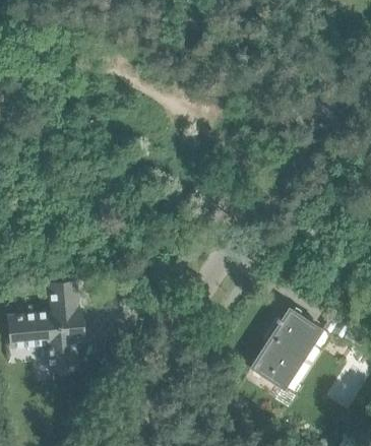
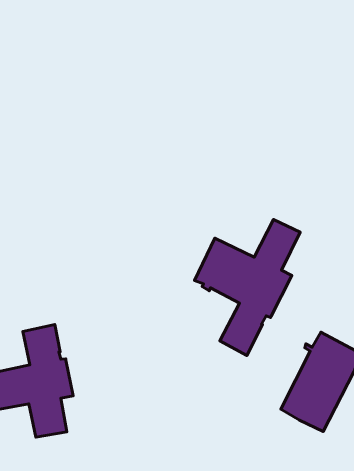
building: none -> [195,220,300,355]

